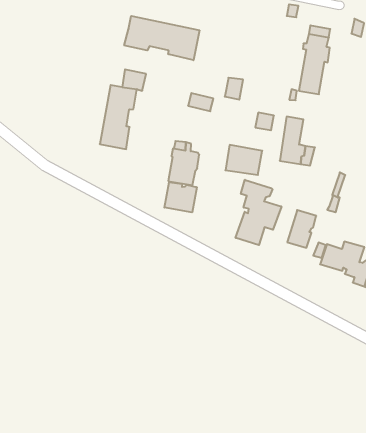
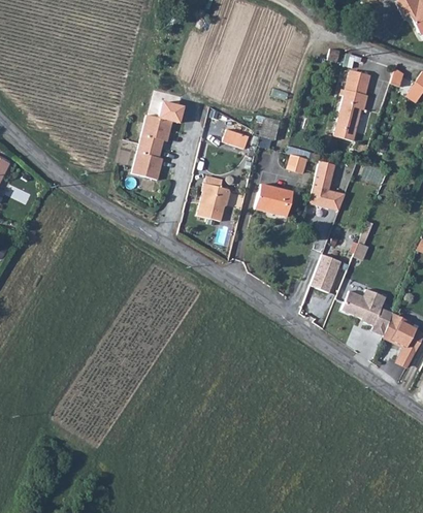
building: [124,16,199,60] -> none
building: [236,180,281,245] -> none
building: [164,182,197,212] -> none

